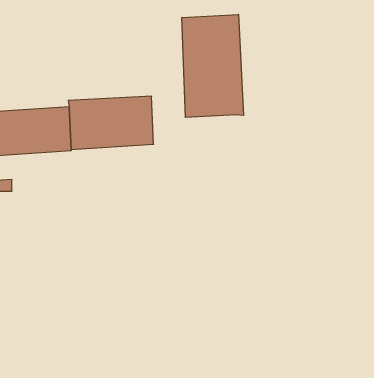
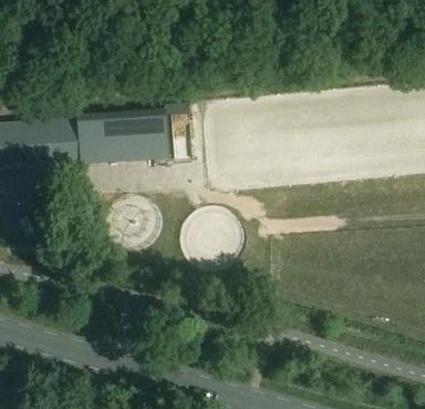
building: [182,14,244,117] -> none

